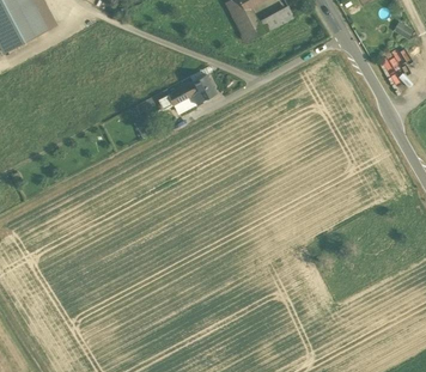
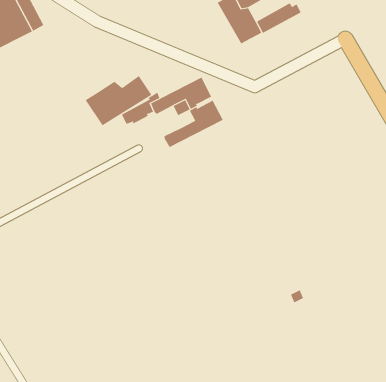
building: none -> [85,75,152,126]
building: none -> [164,100,223,148]

